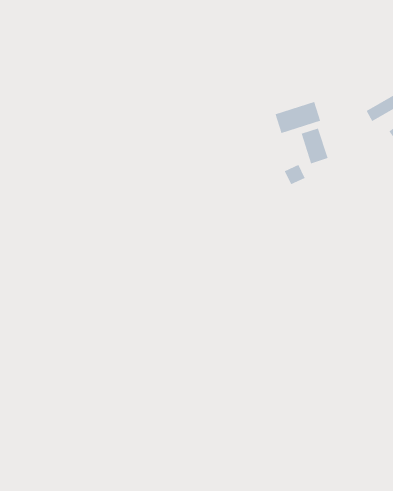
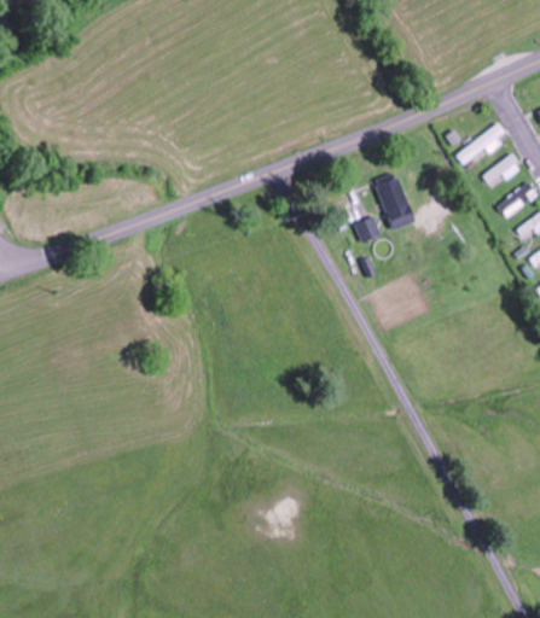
building: [275,101,321,134] -> none

